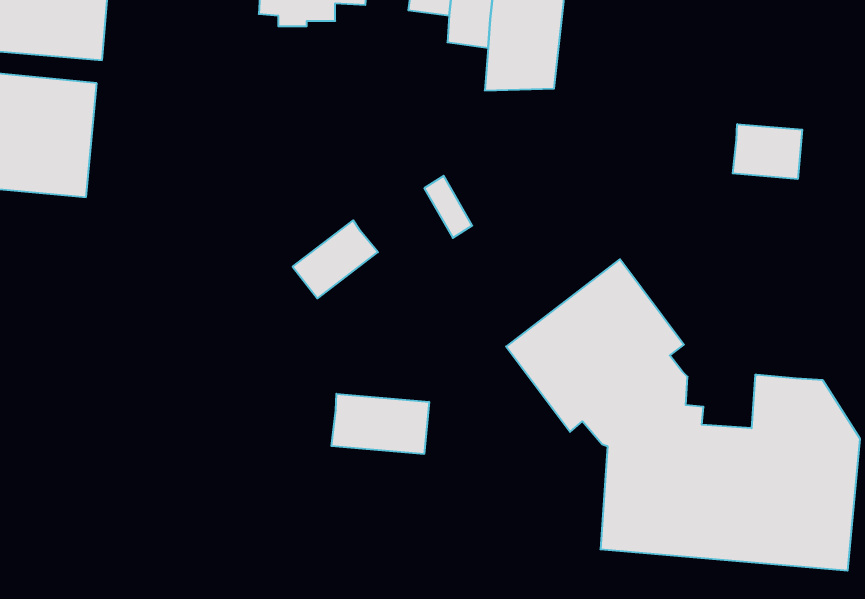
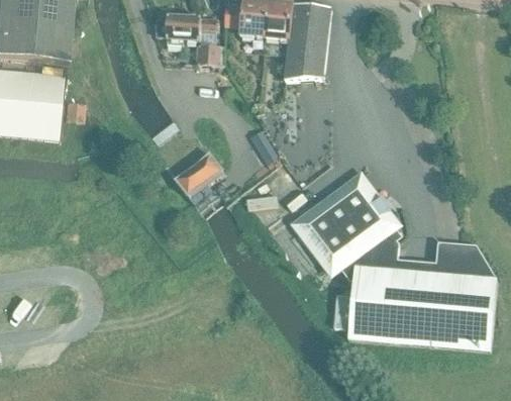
building: none -> [194,42,222,63]
building: [733,124,802,179] -> none
building: [331,394,429,454] -> none

